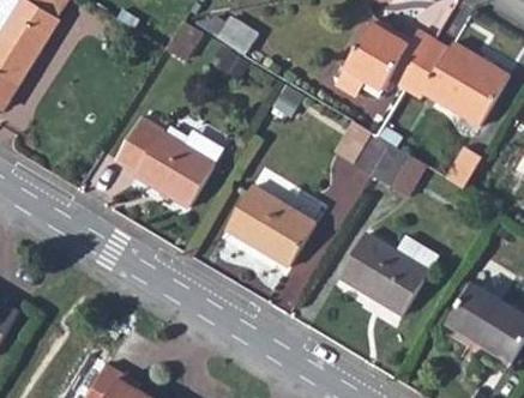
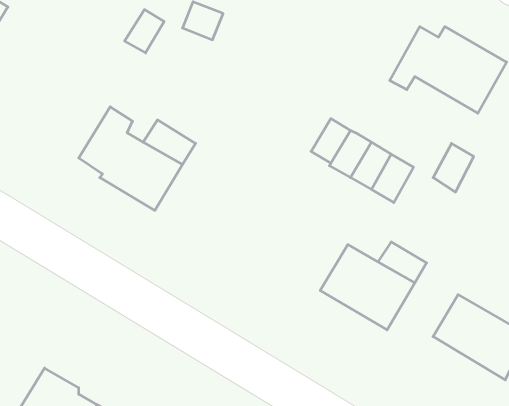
building: [339,22,432,94] -> none
building: [222,183,324,271] -> none

